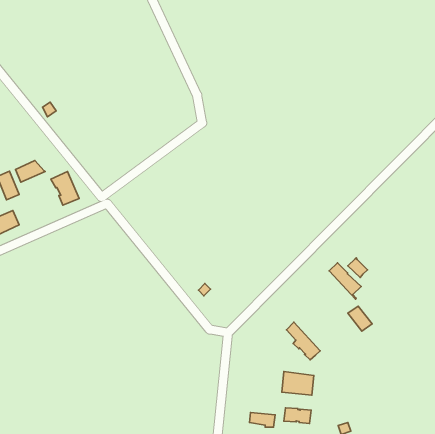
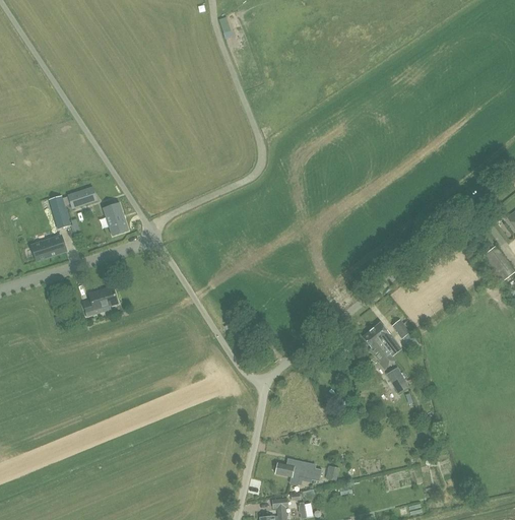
building: none -> [83,286,118,315]
building: [287,322,320,360] -> [363,329,394,369]
building: [282,372,314,395] -> none

